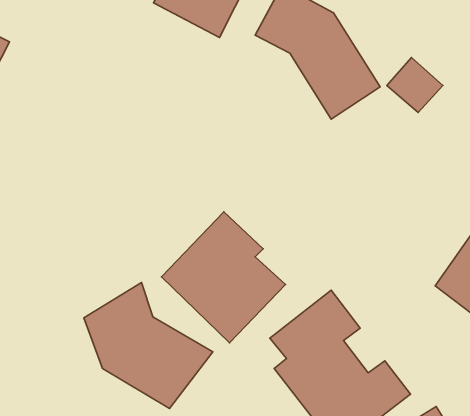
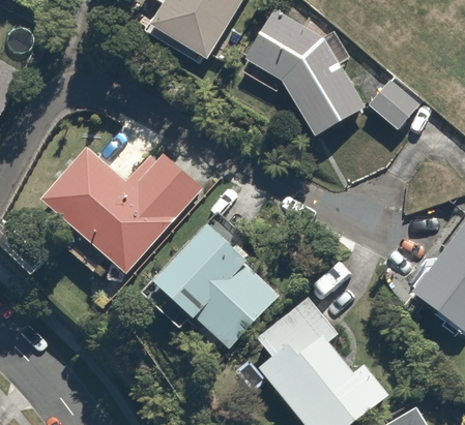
building: none -> [40,146,202,275]
building: [84,283,213,408] -> none

